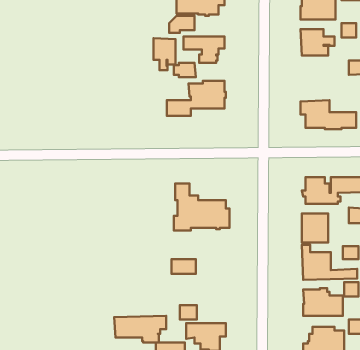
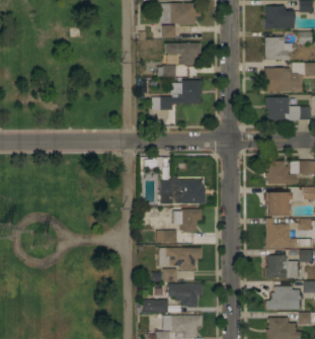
building: [153,38,175,70] -> none
building: none -> [261,69,302,92]
building: none -> [172,209,201,232]
building: [114,316,166,342] -> [157,248,201,270]

